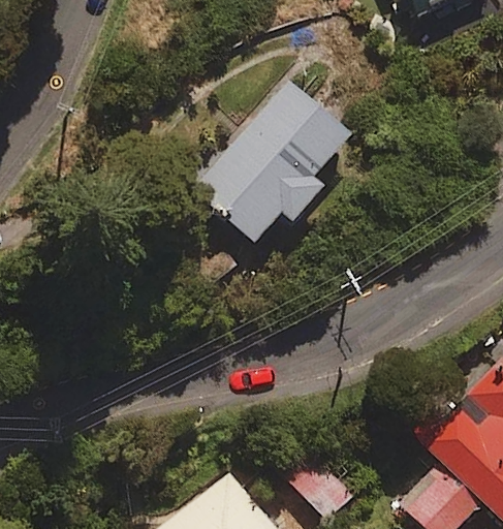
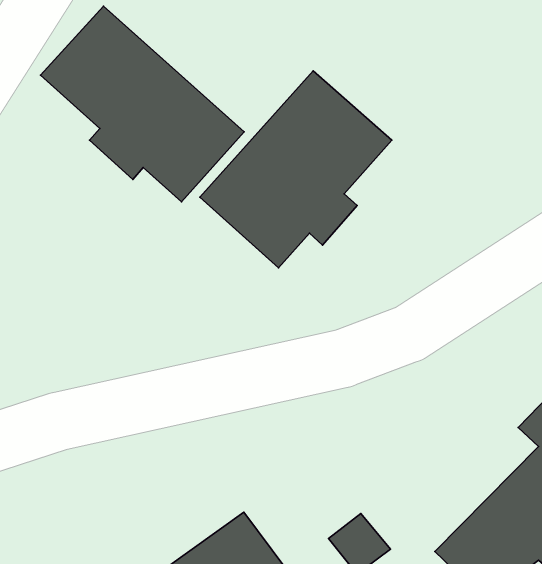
building: none -> [41,6,244,202]

